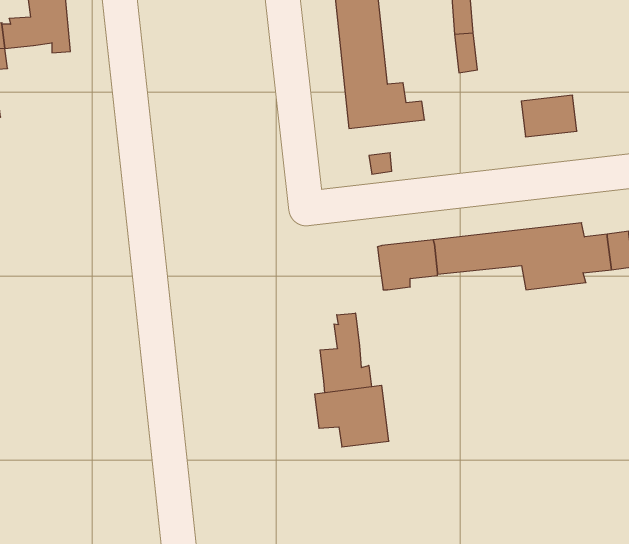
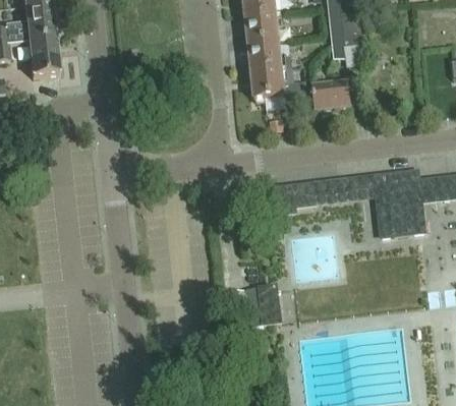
building: none -> [30,39,59,76]
building: [521,95,577,137] -> [312,79,352,109]
building: none -> [381,210,425,235]
building: [320,313,372,393] -> none

